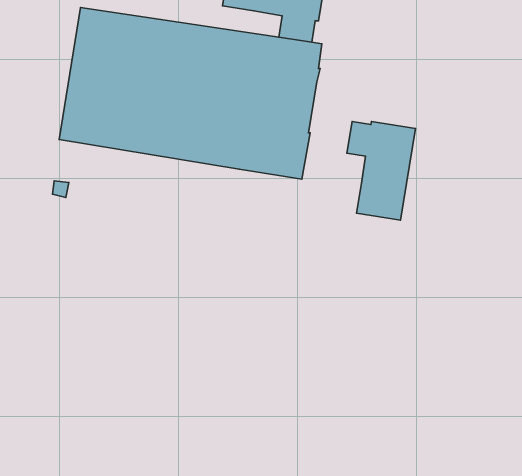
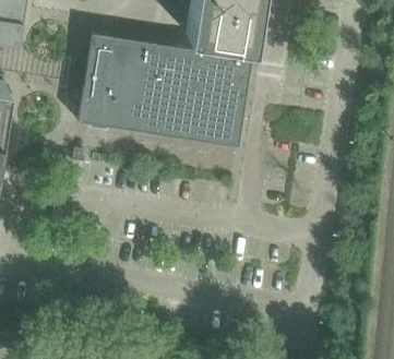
building: [347,122,416,220] -> none

